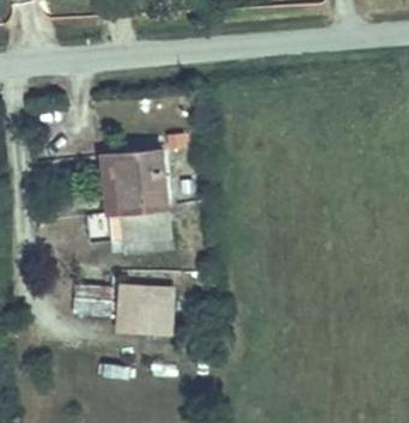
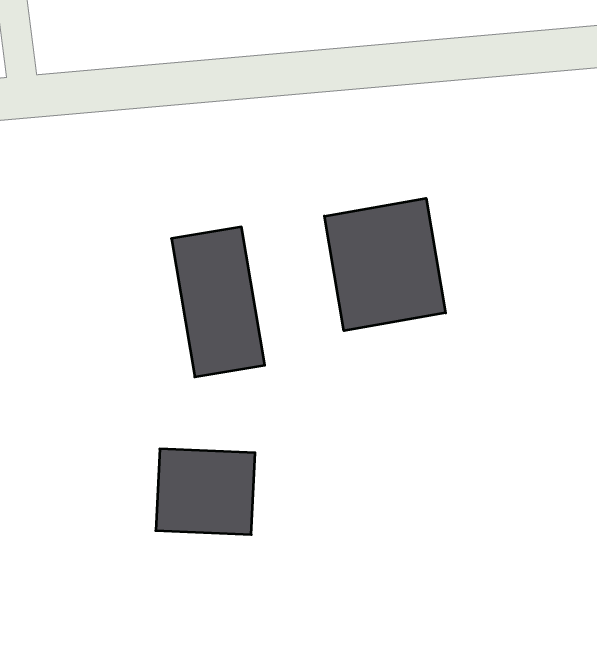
building: none -> [324,198,446,331]

